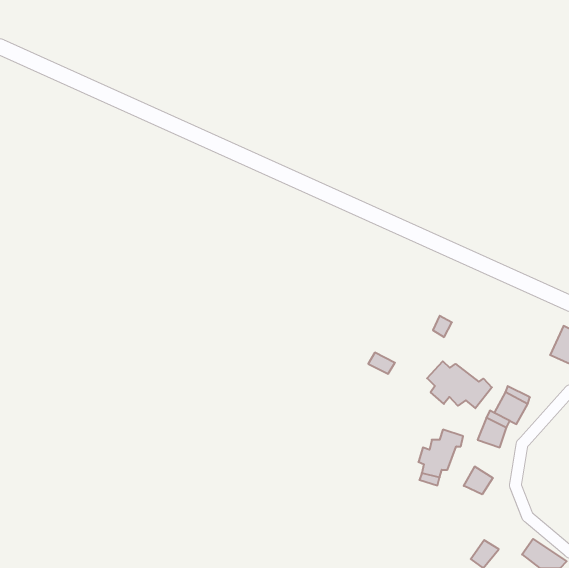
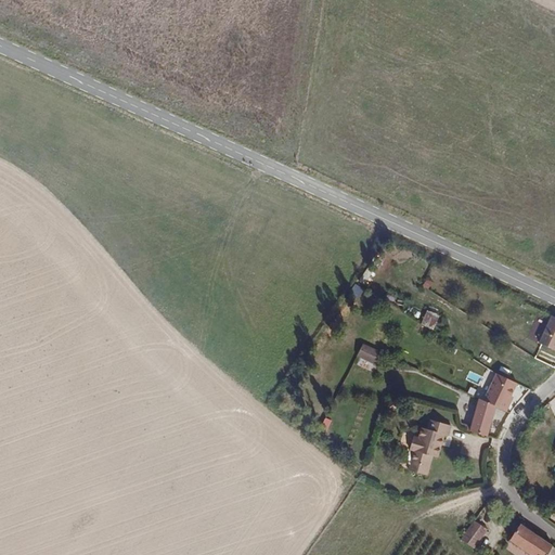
building: [427,361,492,408] -> none
building: [464,466,493,494] -> none

